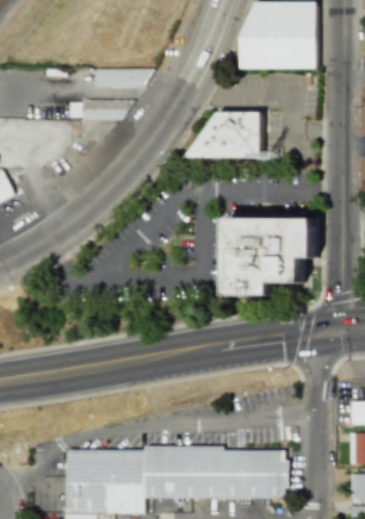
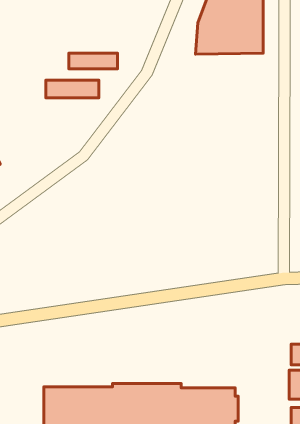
building: [200,111,261,160] -> none
building: [225,217,315,295] -> none

